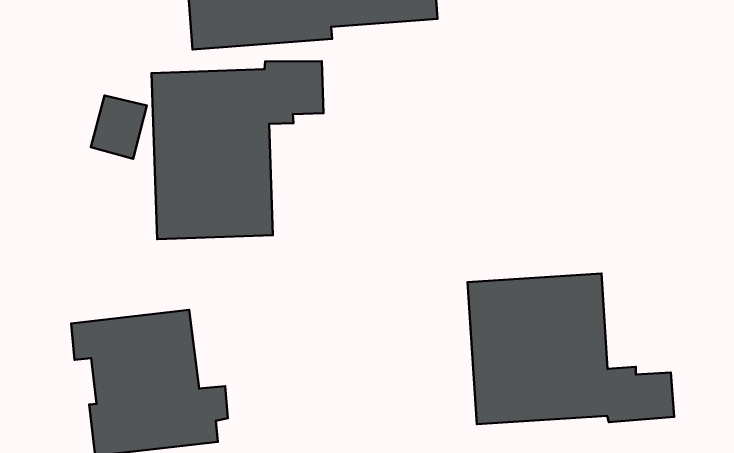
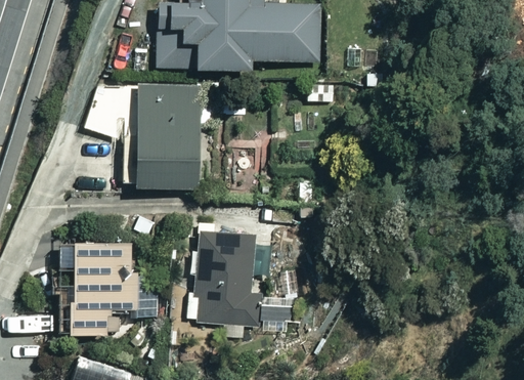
building: [468,274,674,424] -> none
building: none -> [181,233,266,339]

